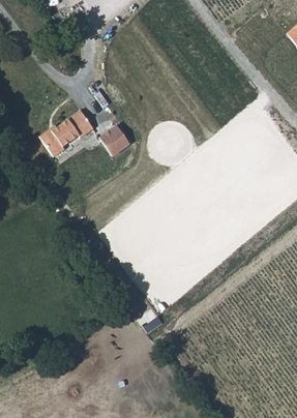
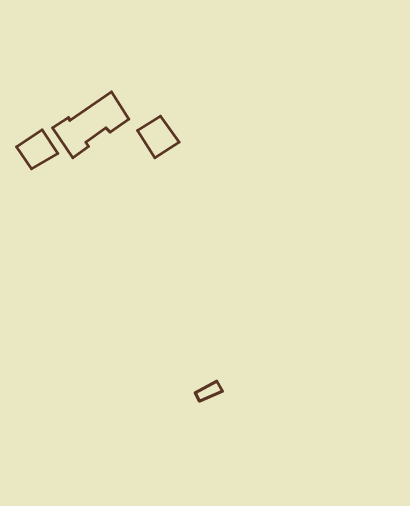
building: none -> [17,130,58,169]

